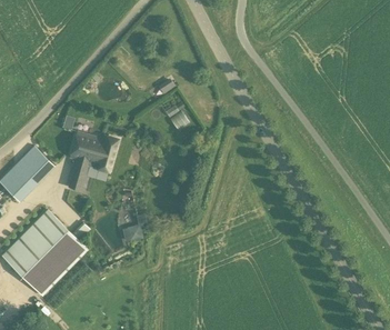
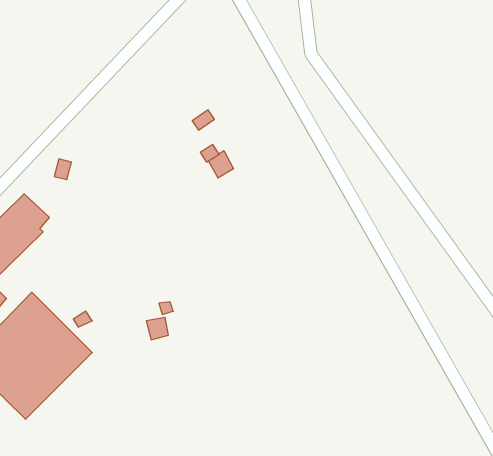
building: [68,130,118,190] -> none

